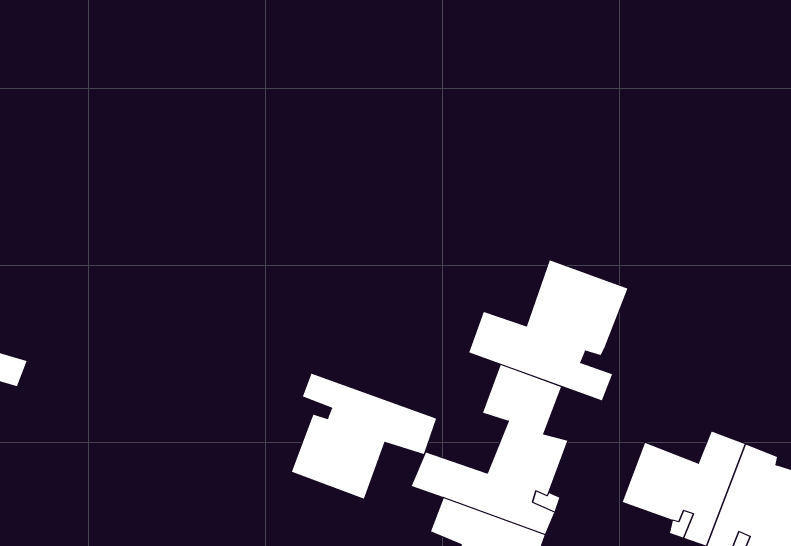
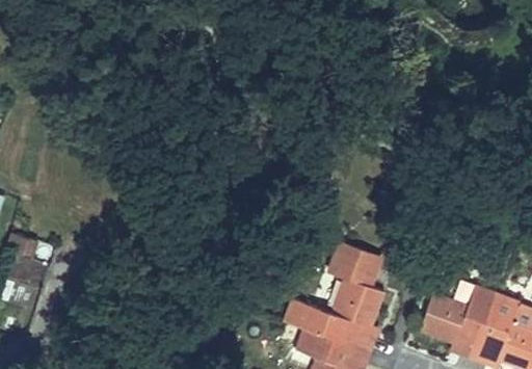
building: [469,260,628,401] -> none
building: [291,373,437,499] -> none

